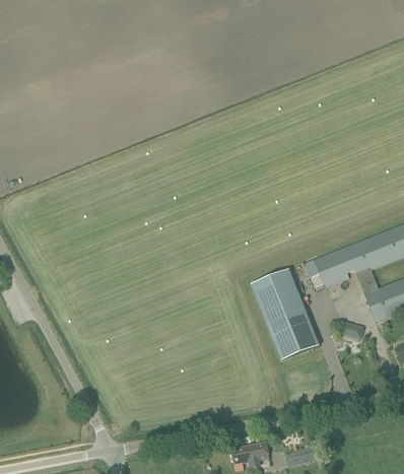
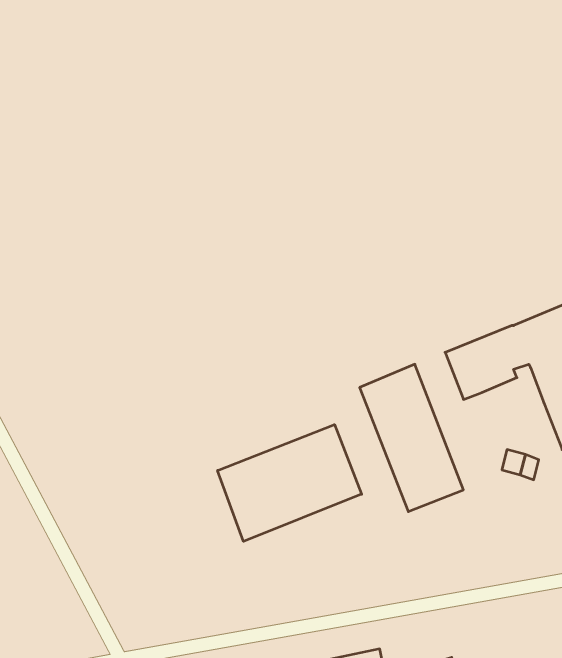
building: none -> [218,425,362,541]

